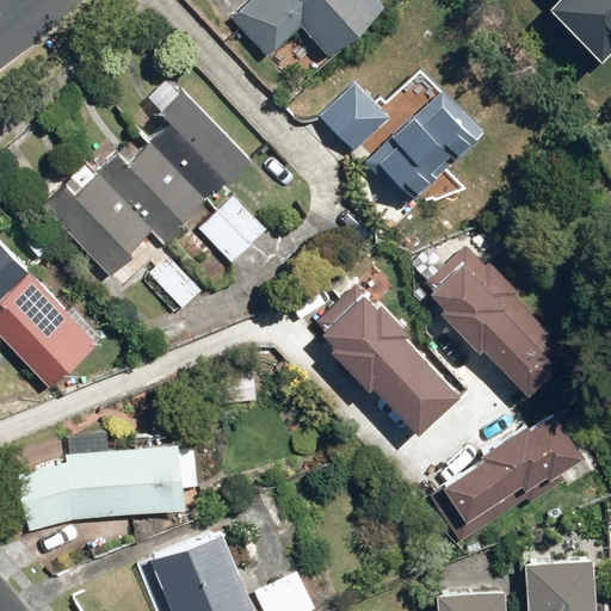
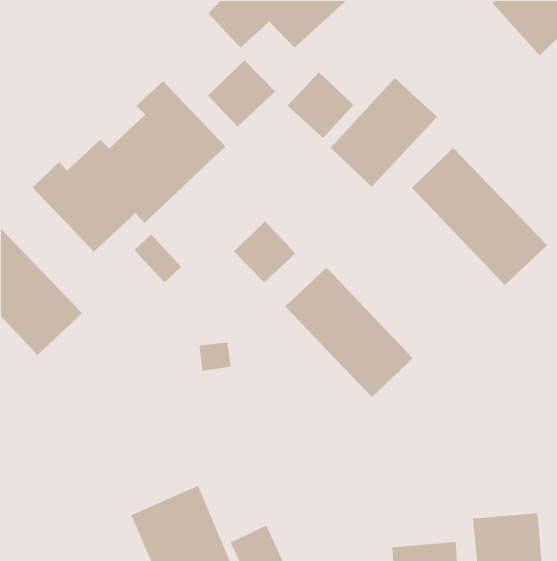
building: none -> [207,59,276,128]
building: [202,196,270,264] -> [233,220,296,283]
building: [421,246,569,396] -> [411,147,548,286]
building: [430,413,581,544] -> none
building: [14,440,199,532] -> none

